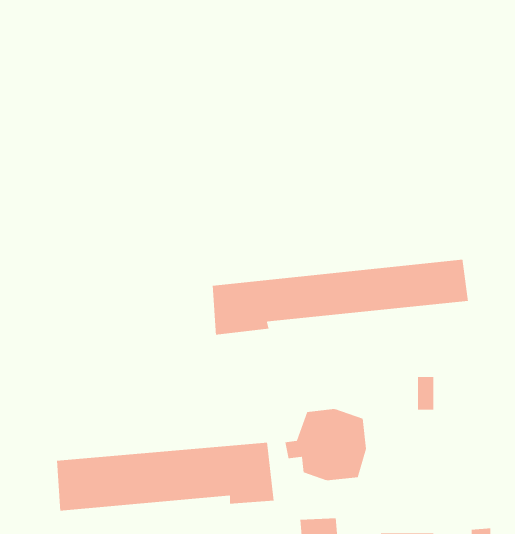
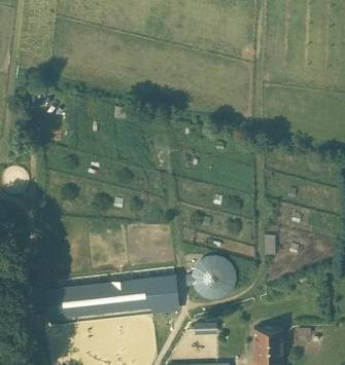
building: [212,259,468,335] -> none

